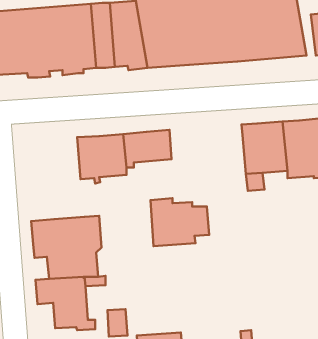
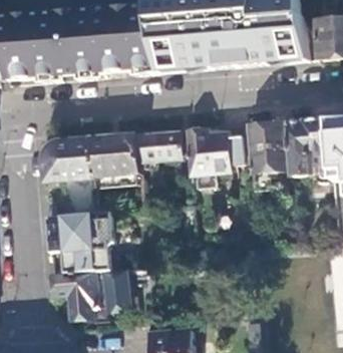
building: none -> [40,137,97,216]
building: [150,198,209,246] -> [187,128,243,174]

